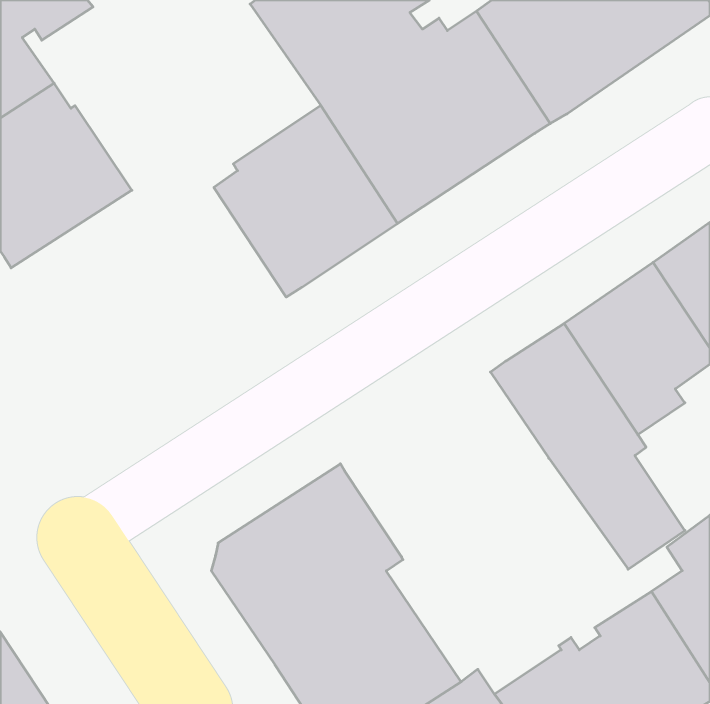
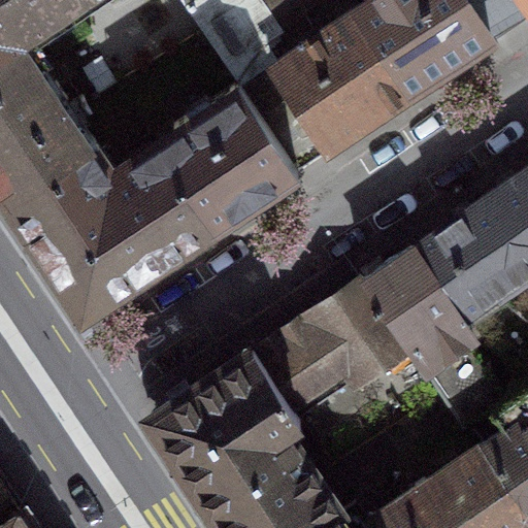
building: none -> [8,143,212,312]
building: none -> [256,280,407,418]

